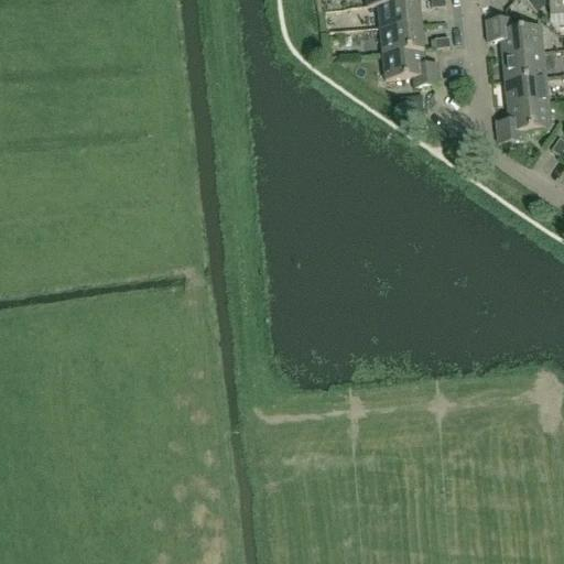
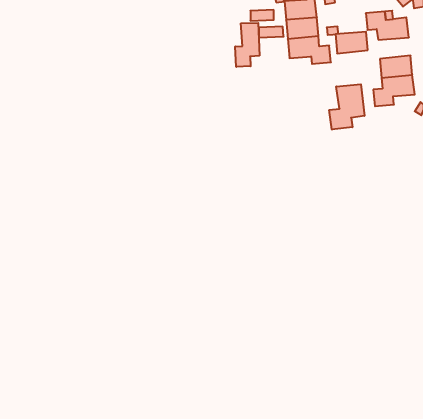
building: none -> [235,23,259,67]
building: [503,50,546,78] -> [335,32,368,53]
building: none -> [329,84,364,130]

